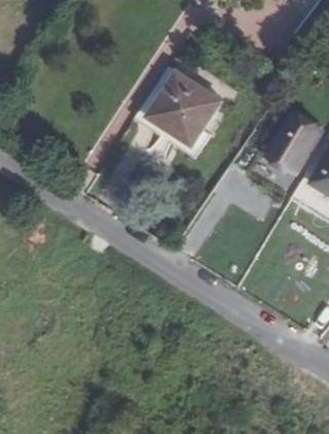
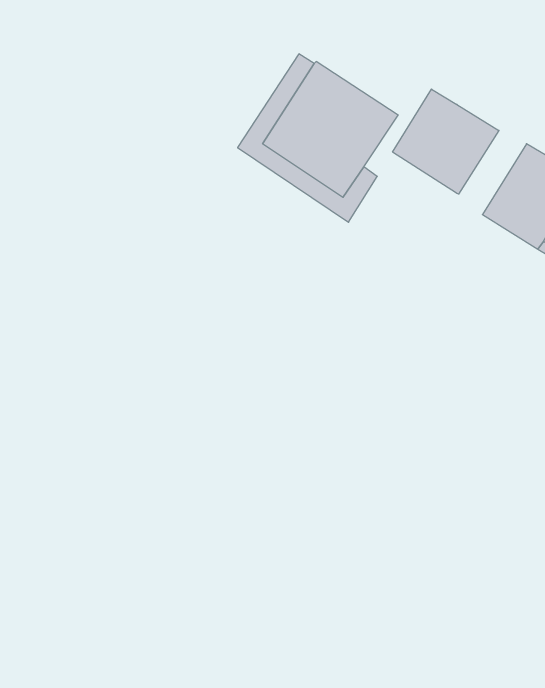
building: none -> [393,89,499,194]

